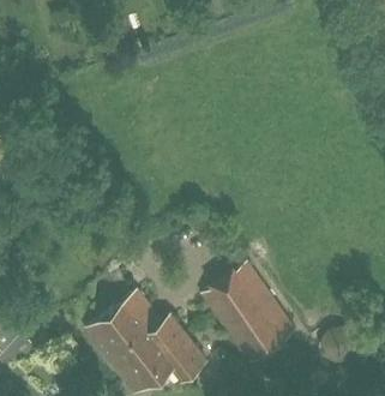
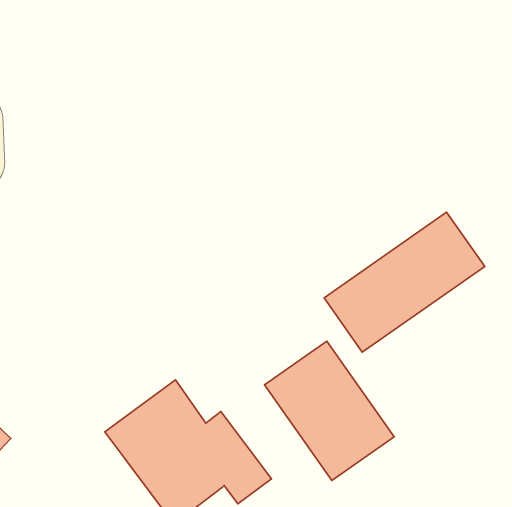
building: none -> [324,212,485,352]

